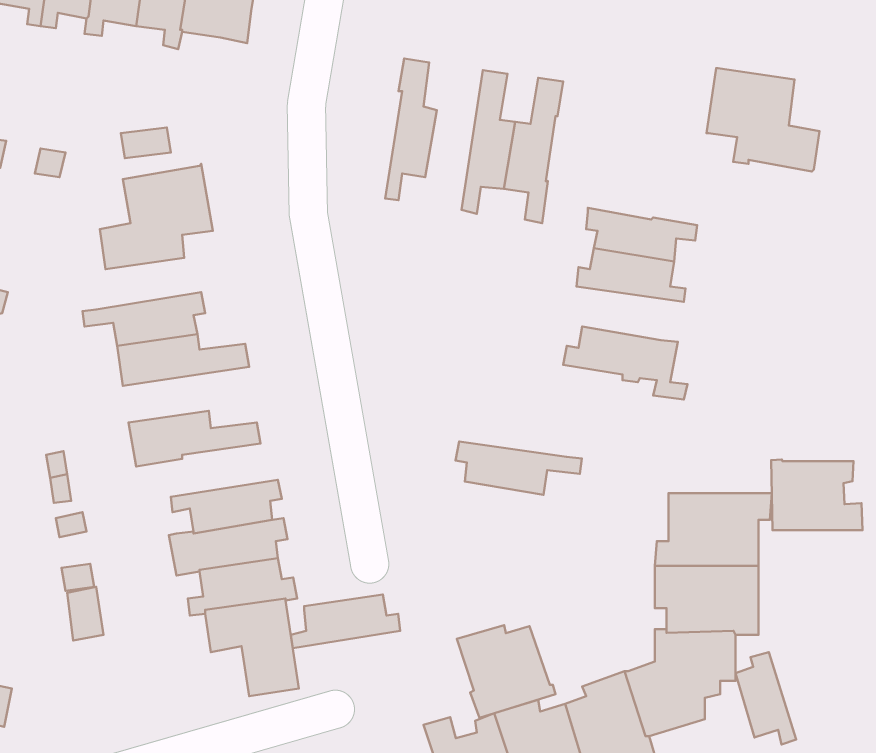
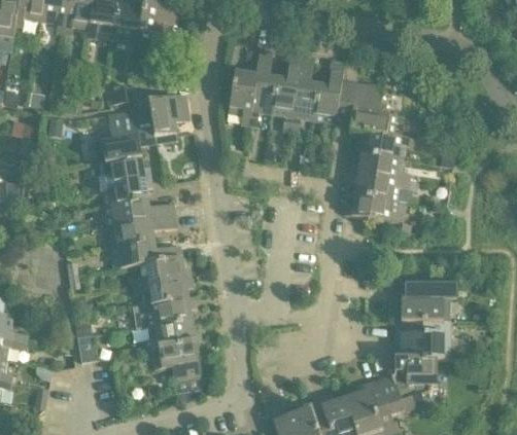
building: none -> [270,53,301,131]
building: [706,68,819,171] -> [335,80,395,136]
building: none -> [228,66,257,124]
building: none -> [147,94,188,142]
building: none -> [84,156,149,185]
building: none -> [107,215,176,245]
building: [455,441,582,495] -> [349,172,417,201]
building: [771,460,862,530] -> none
building: [291,595,400,648] -> [132,256,191,285]
building: [457,625,556,718] -> none
building: [735,652,796,744] -> none

